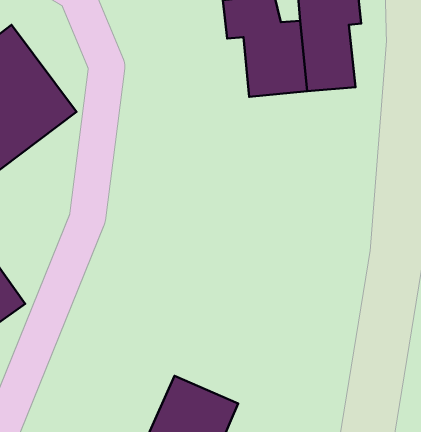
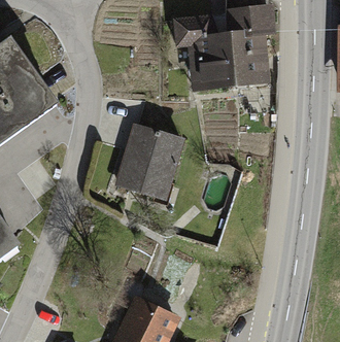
building: none -> [114,125,183,201]

